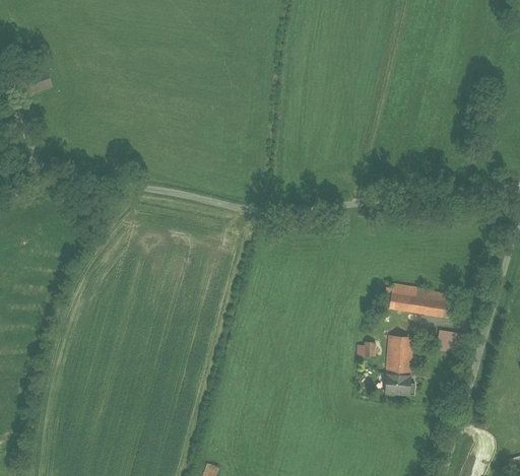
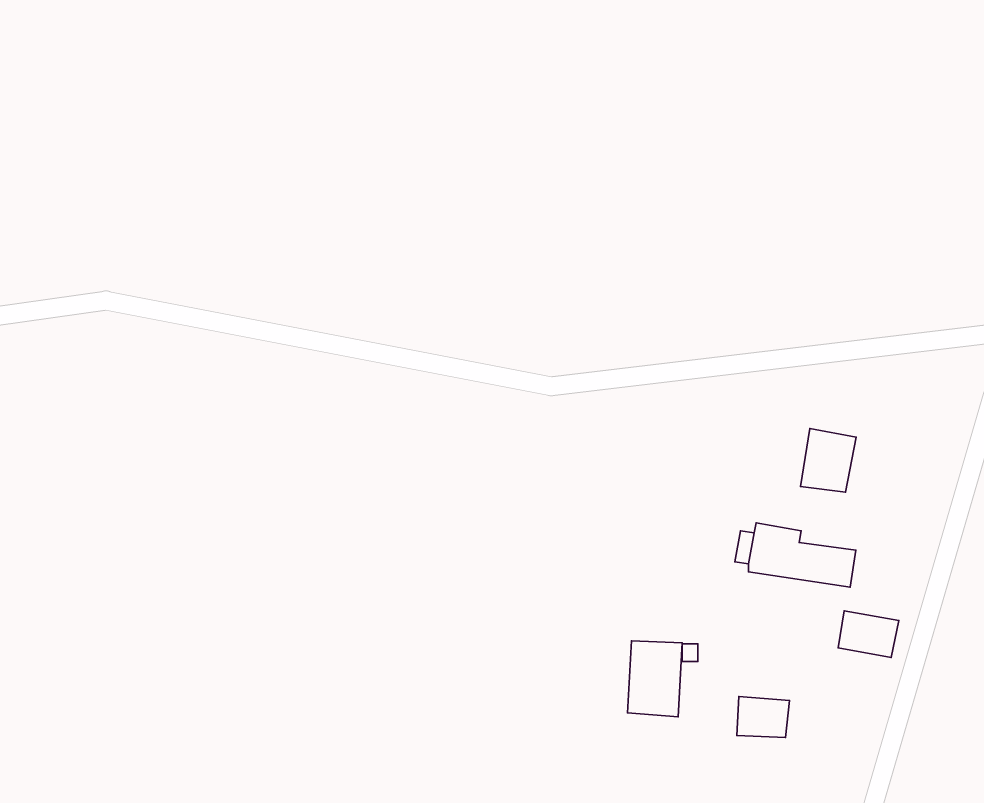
building: none -> [801,429,856,492]
building: [386,336,414,376] -> [627,641,682,717]

